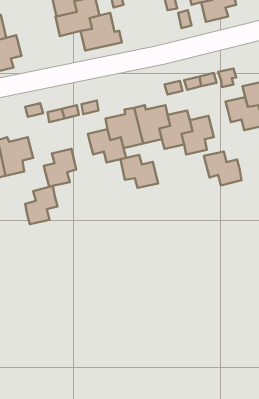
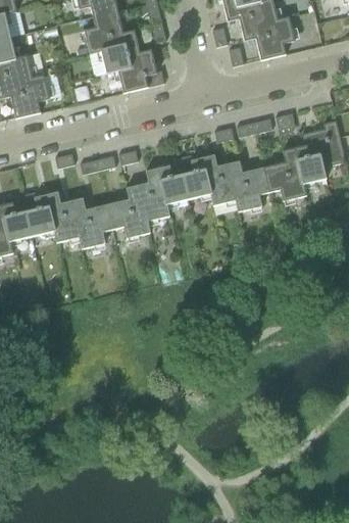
building: [204,151,242,185] -> [263,161,306,200]
building: [121,155,158,188] -> [107,199,150,237]
building: [25,186,57,224] -> [51,197,88,241]

